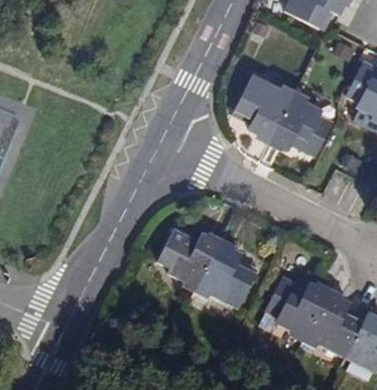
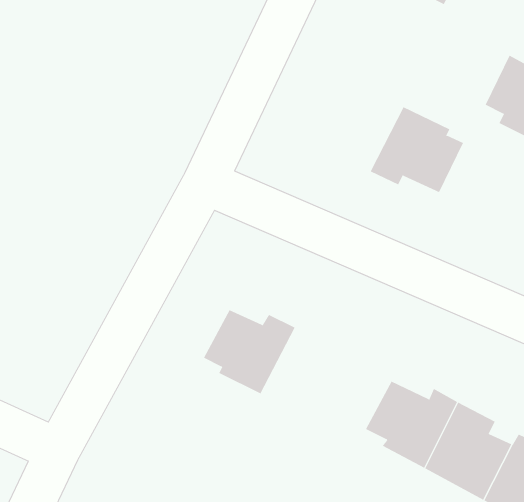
building: [232,77,290,139] -> none
building: [196,243,256,308] -> none

